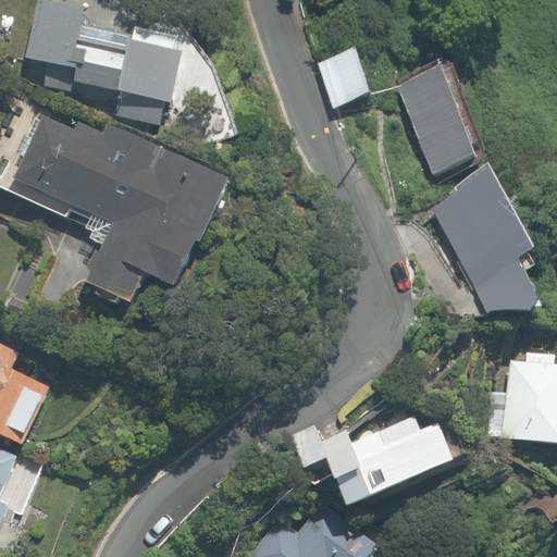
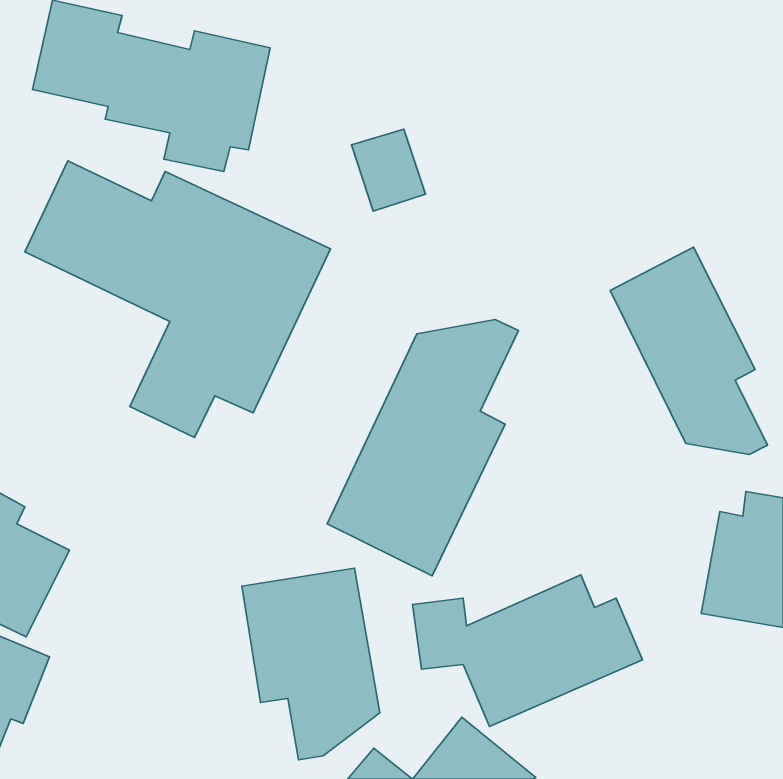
building: [315,48,368,106] -> [351,129,426,211]
building: [395,65,479,174] -> none
building: none -> [327,320,518,576]
building: none -> [242,568,380,760]

